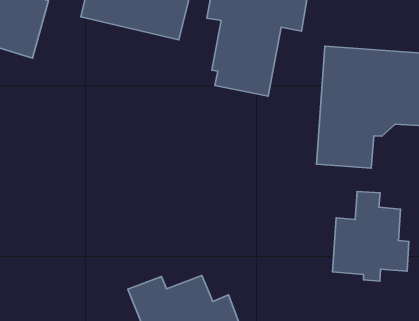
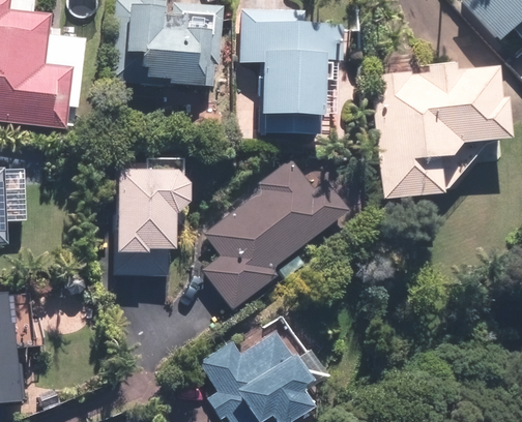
building: none -> [112,171,184,274]
building: none -> [203,156,351,308]
building: [333,192,409,281] -> none

